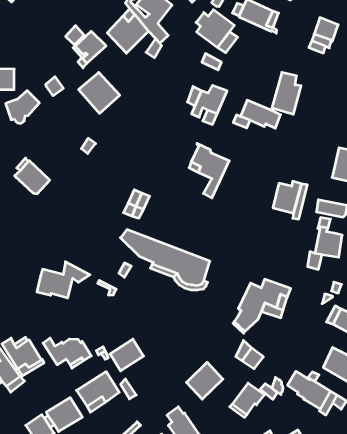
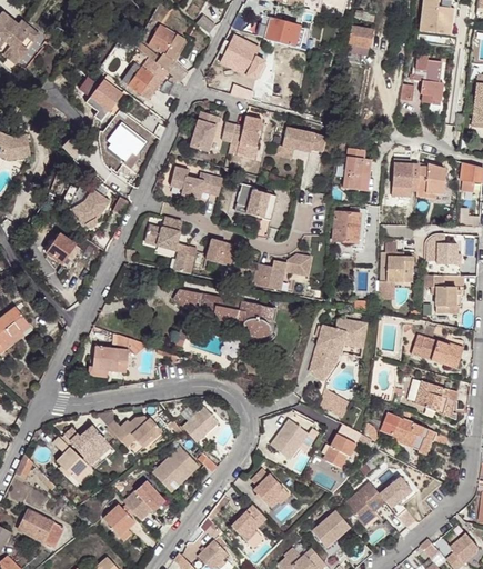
building: [272,72,301,114] -> [343,148,371,191]
building: none -> [190,111,219,151]
building: [6,91,39,123] -> [74,187,111,223]
building: none -> [170,166,222,199]
building: none -> [144,216,183,250]
building: none -> [205,239,235,266]
building: none -> [252,253,311,291]

